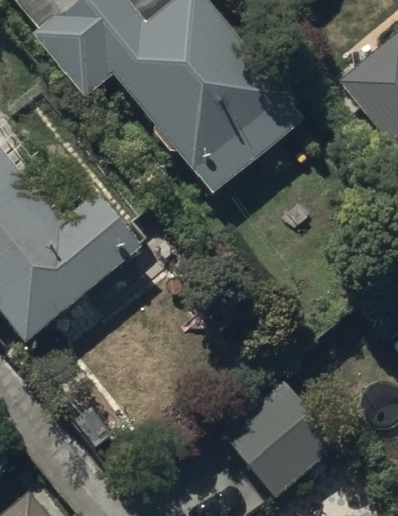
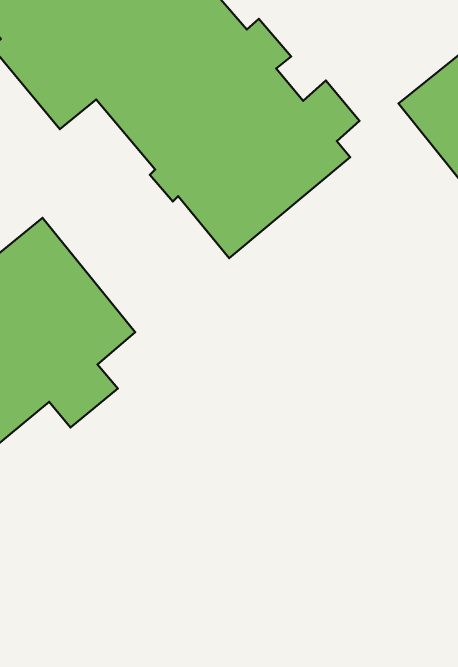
building: [220,374,342,496] -> none

